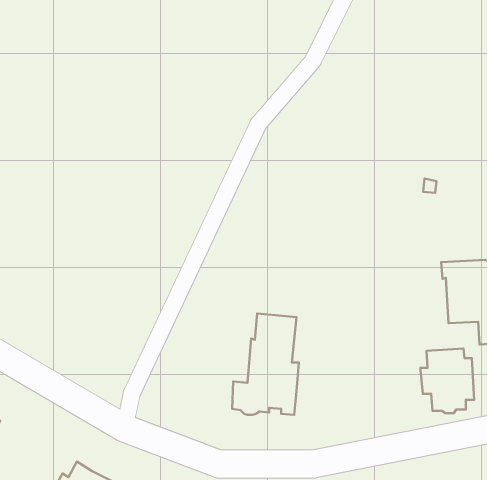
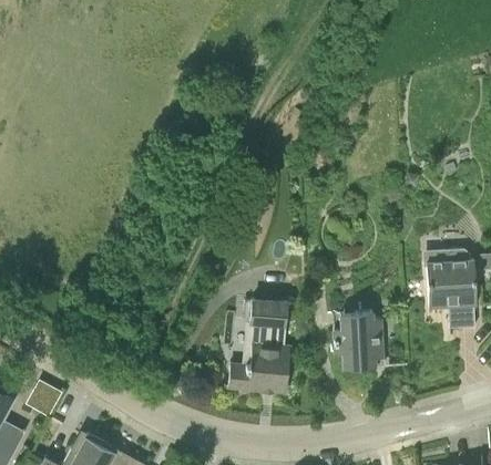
building: [420,349,474,413] -> [333,311,382,371]
building: none -> [29,378,64,414]

